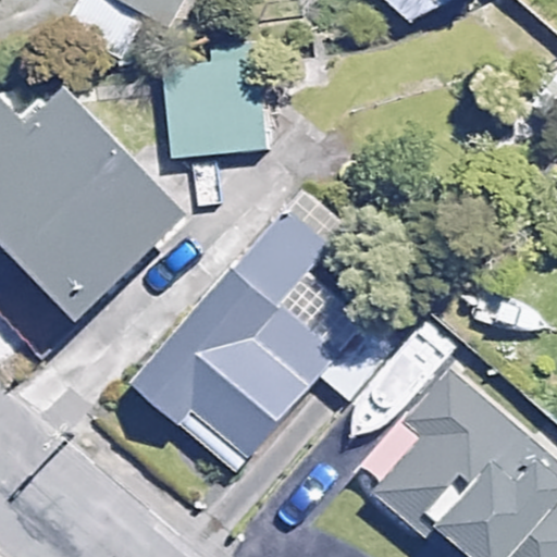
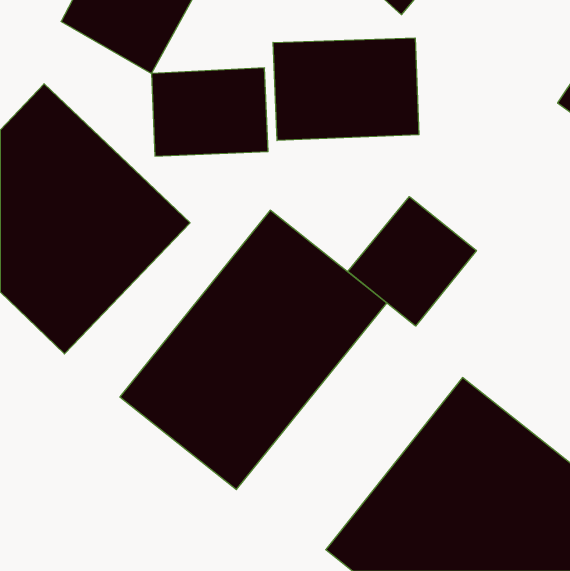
building: none -> [273,38,419,141]
building: none -> [348,197,476,326]

